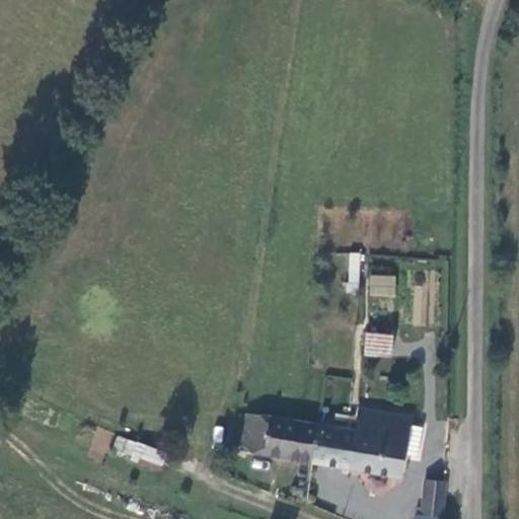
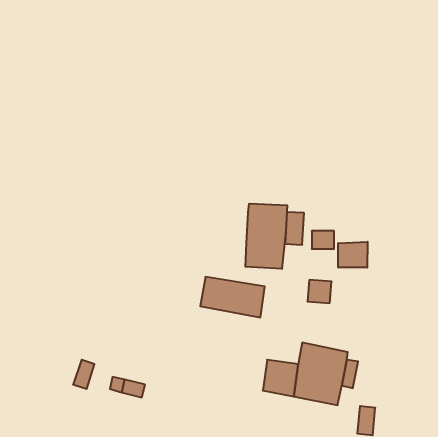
building: none -> [245,204,287,269]
building: none -> [338,242,368,268]
building: [239,414,315,461] -> [200,277,265,317]

